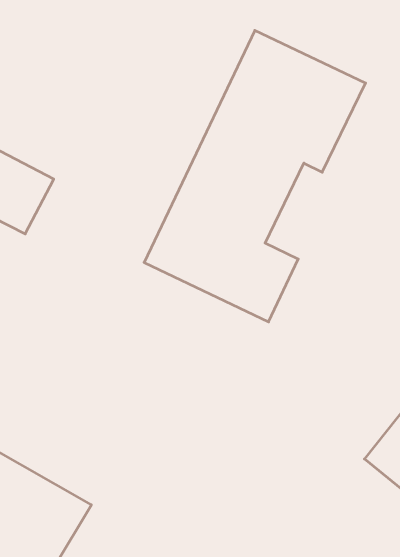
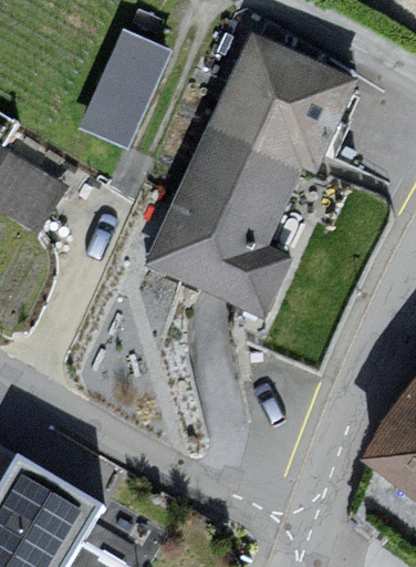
building: none -> [80,33,174,147]

